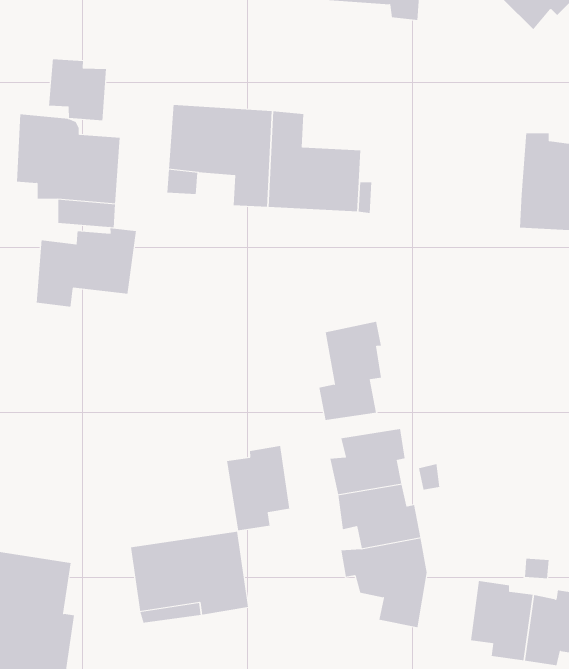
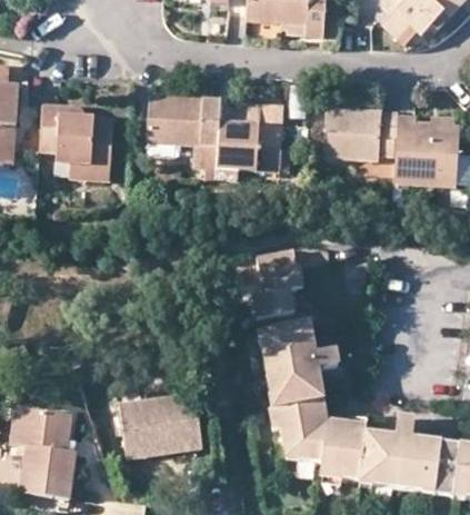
building: [48,58,106,121] -> none
building: none -> [240,101,283,127]
building: none -> [321,106,397,160]
building: [36,227,136,308] -> none
building: [227,445,290,531] -> none
building: none -> [320,424,363,479]

